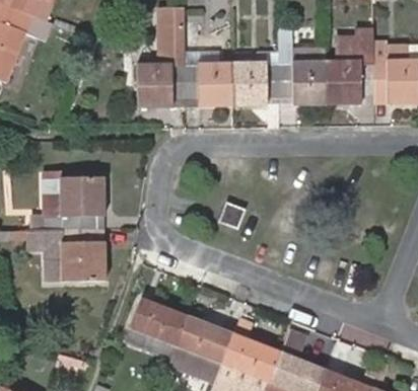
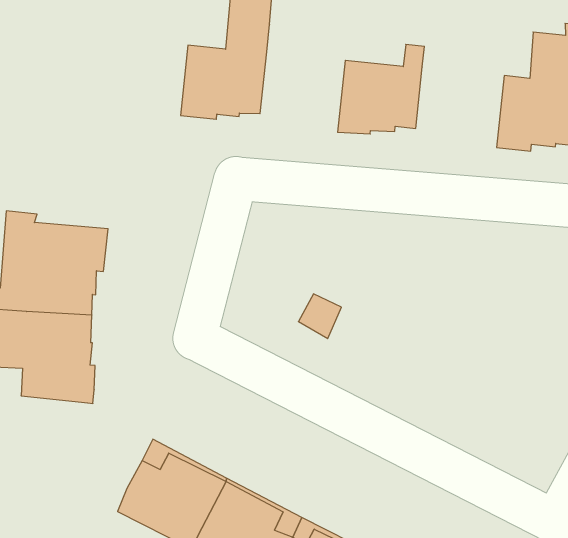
building: [277,28,326,105] -> none
building: [185,48,231,106] -> none

